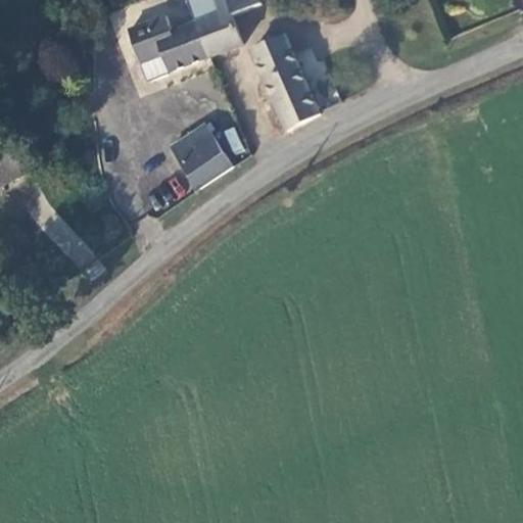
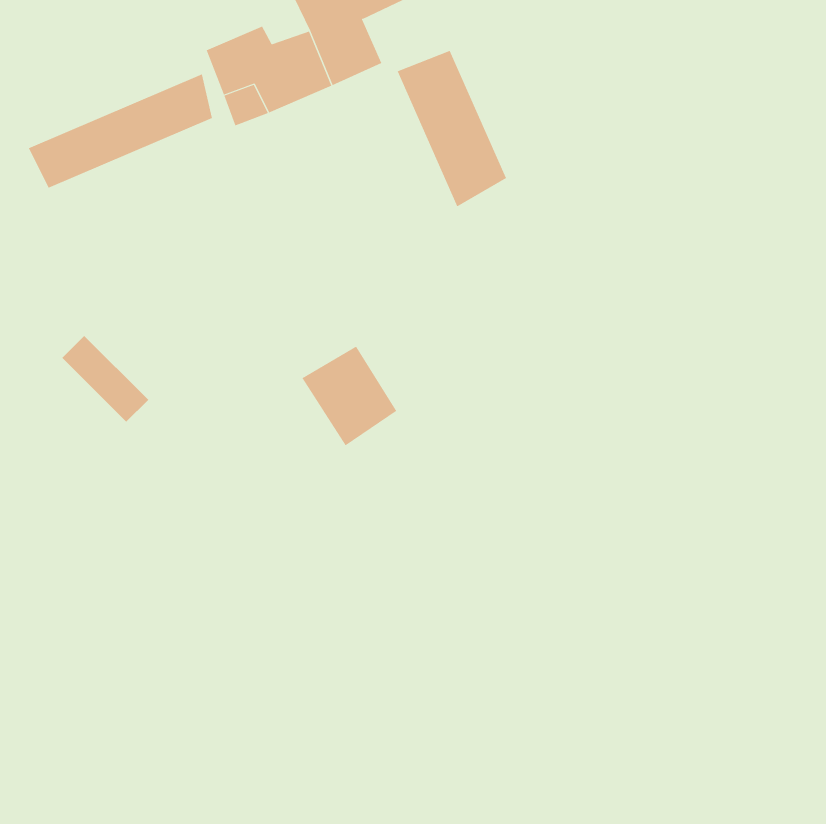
building: none -> [28,73,213,188]
building: [173,124,233,187] -> [302,346,397,446]

